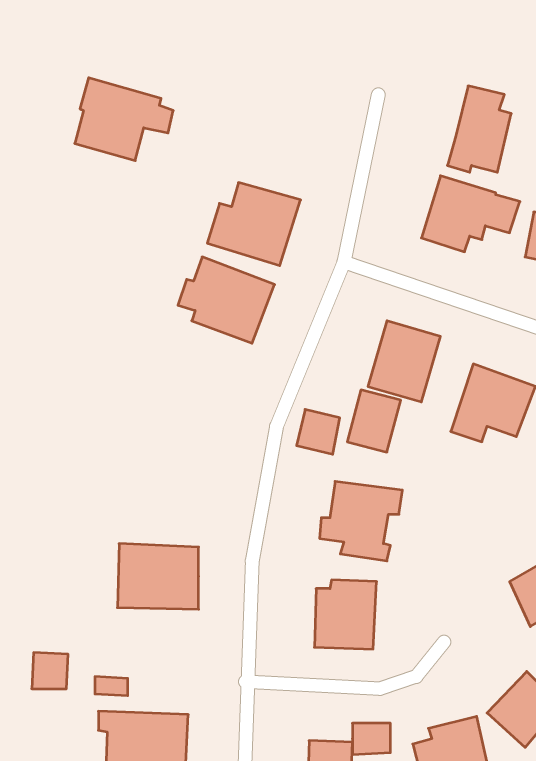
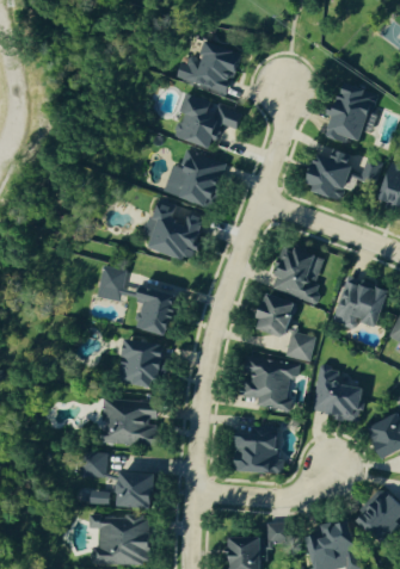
building: none -> [173,42,240,95]
building: [75,78,173,161] -> [172,93,240,150]
building: none -> [94,267,123,301]
building: none -> [134,291,177,335]
building: [297,409,340,454] -> [281,332,310,363]
building: none -> [116,338,166,388]
building: none -> [309,367,362,420]
building: none -> [117,472,155,508]
building: [32,653,68,689] -> [79,452,104,477]

